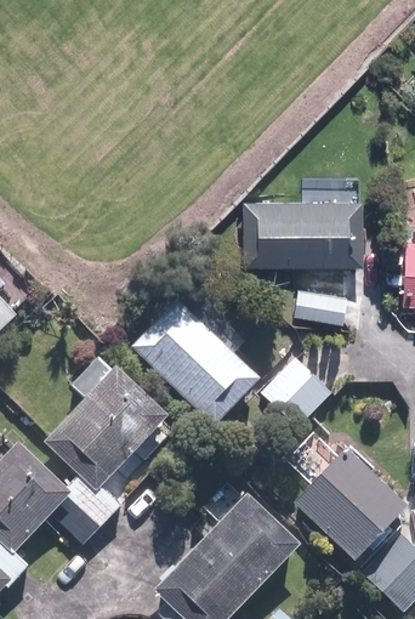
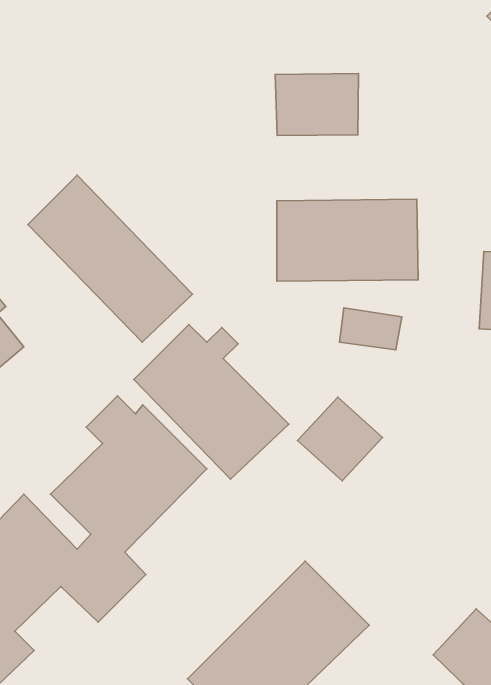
building: none -> [275,74,358,136]
building: none -> [28,175,193,342]
building: [278,449,387,558] -> none

